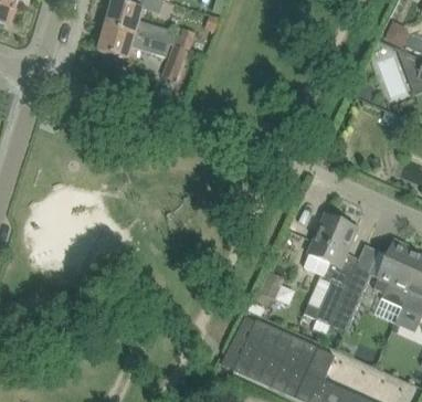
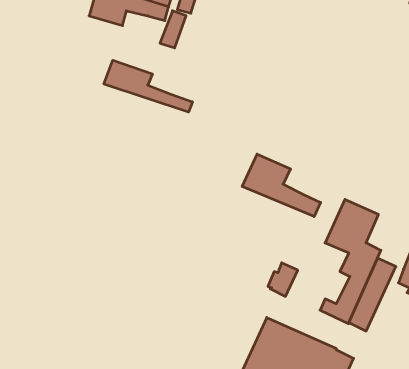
building: none -> [104,60,192,112]
building: none -> [242,154,321,217]

